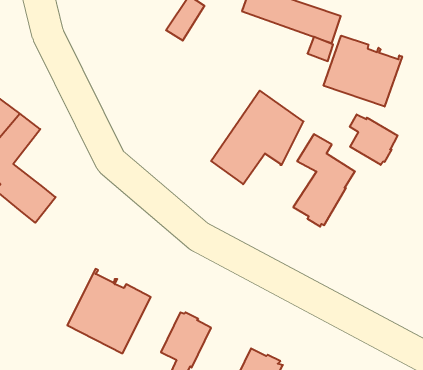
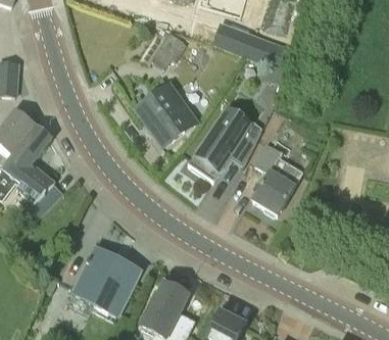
building: [324,36,402,107] -> none
building: none -> [141,87,192,144]
building: [350,114,398,165] -> none

